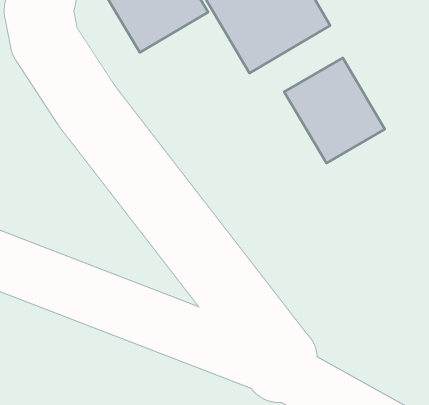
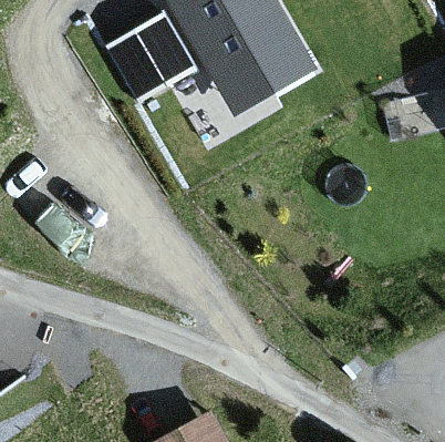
building: [284,58,385,163] -> none

